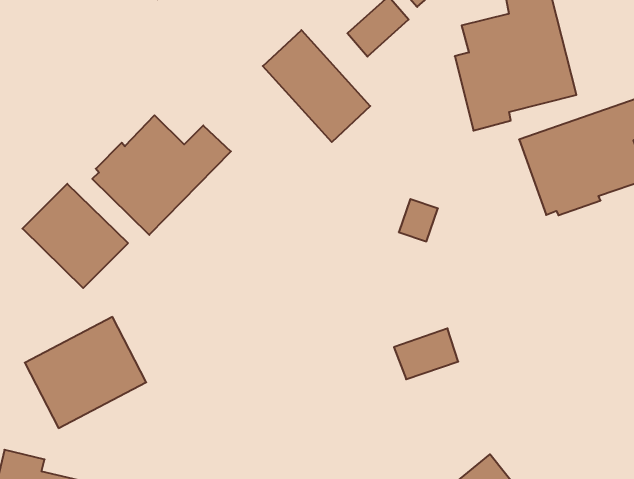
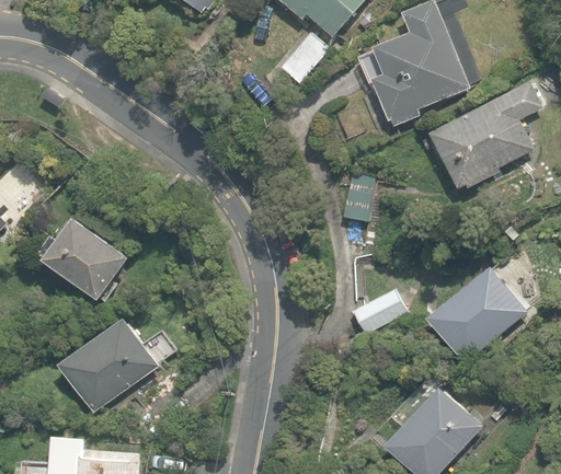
building: [263,30,370,142] -> none
building: [92,115,231,235] -> none
building: none -> [426,266,525,362]

